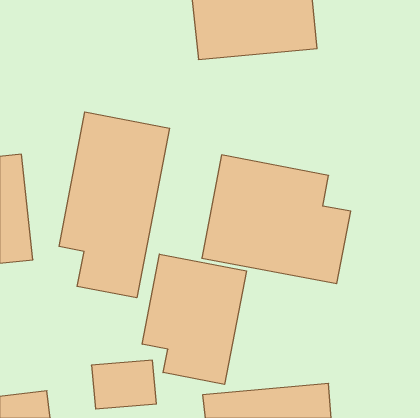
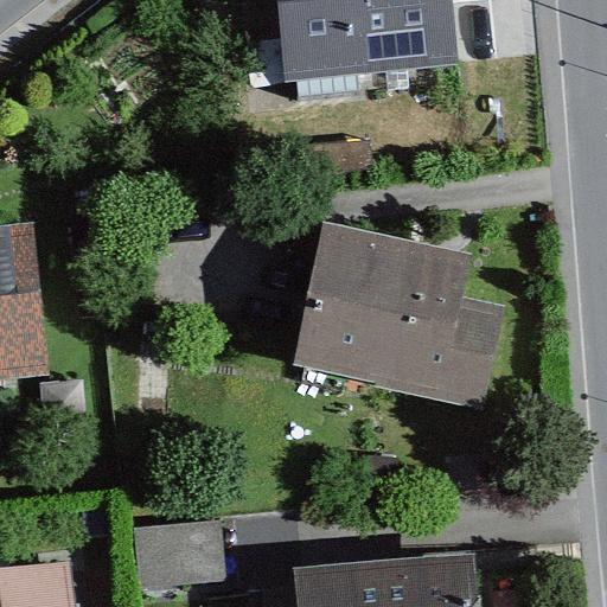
building: [59,112,170,298] -> none
building: [142,254,246,384] -> none

